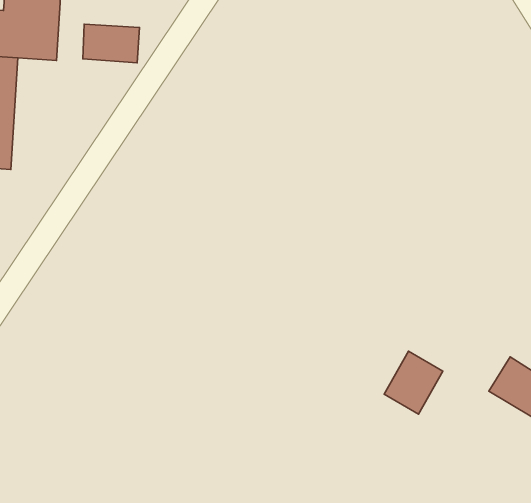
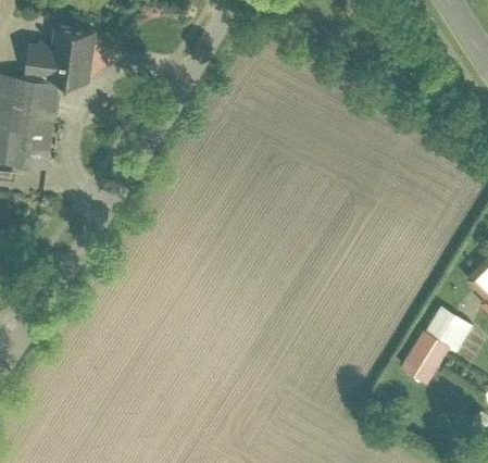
building: [83,24,139,63] -> none
building: [384,351,443,414] -> [397,336,441,384]

